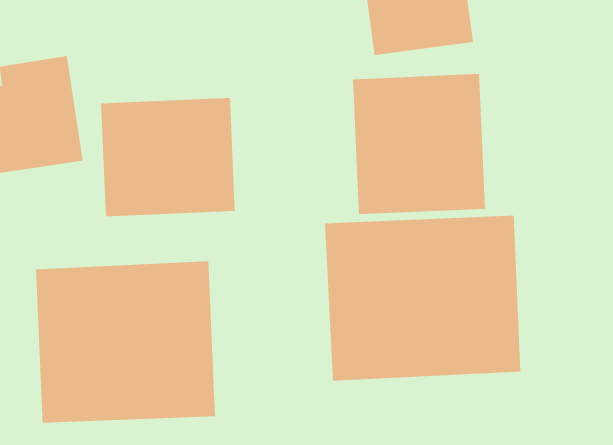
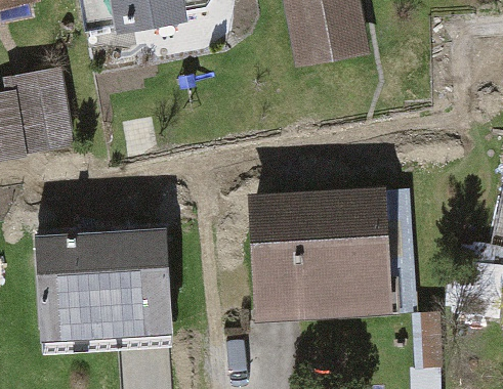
building: [353,73,485,215] -> none
building: [101,97,235,217] -> none

